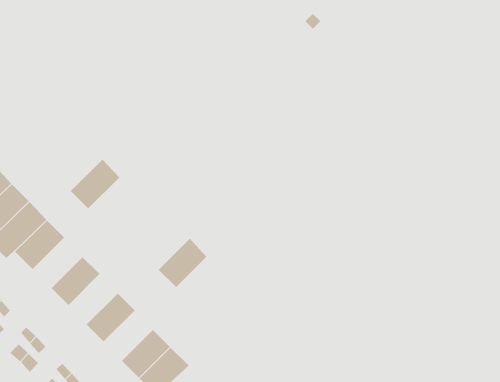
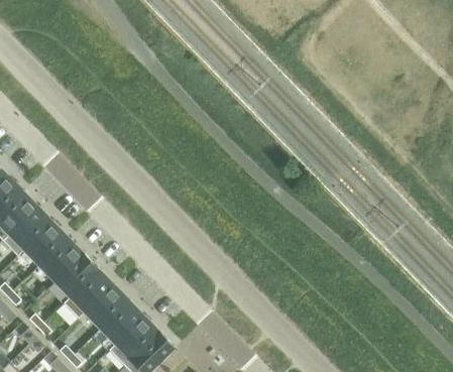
building: [69,159,120,209] -> [38,238,82,281]
building: [158,238,207,289] -> [100,300,142,344]
building: none -> [70,269,112,313]

